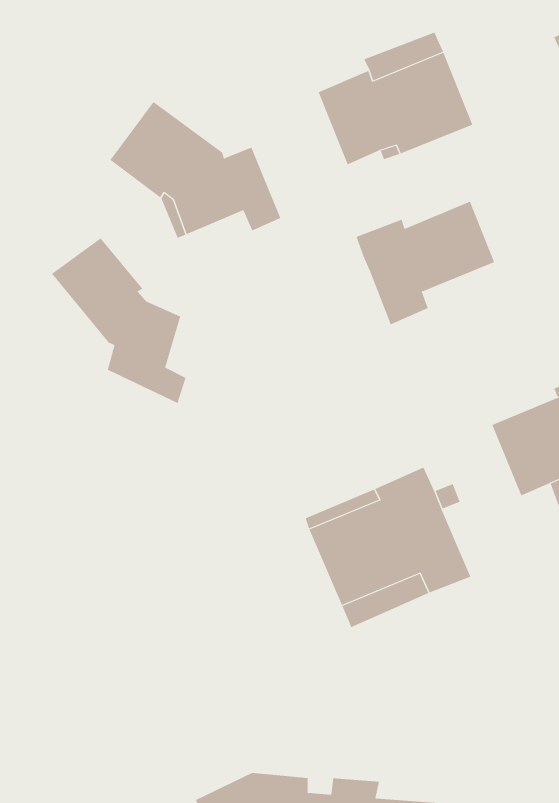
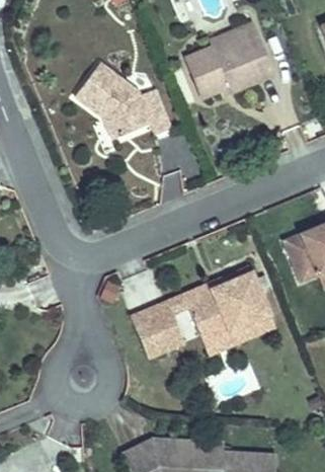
building: [356,201,495,325] -> none
building: [51,237,186,404] -> none
building: none -> [134,307,184,358]

